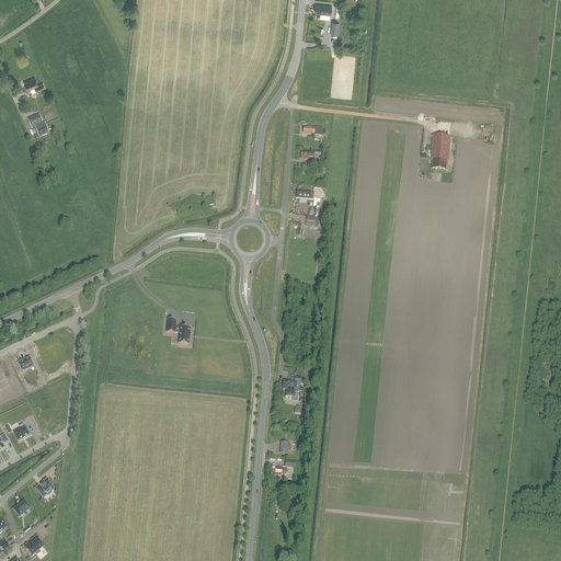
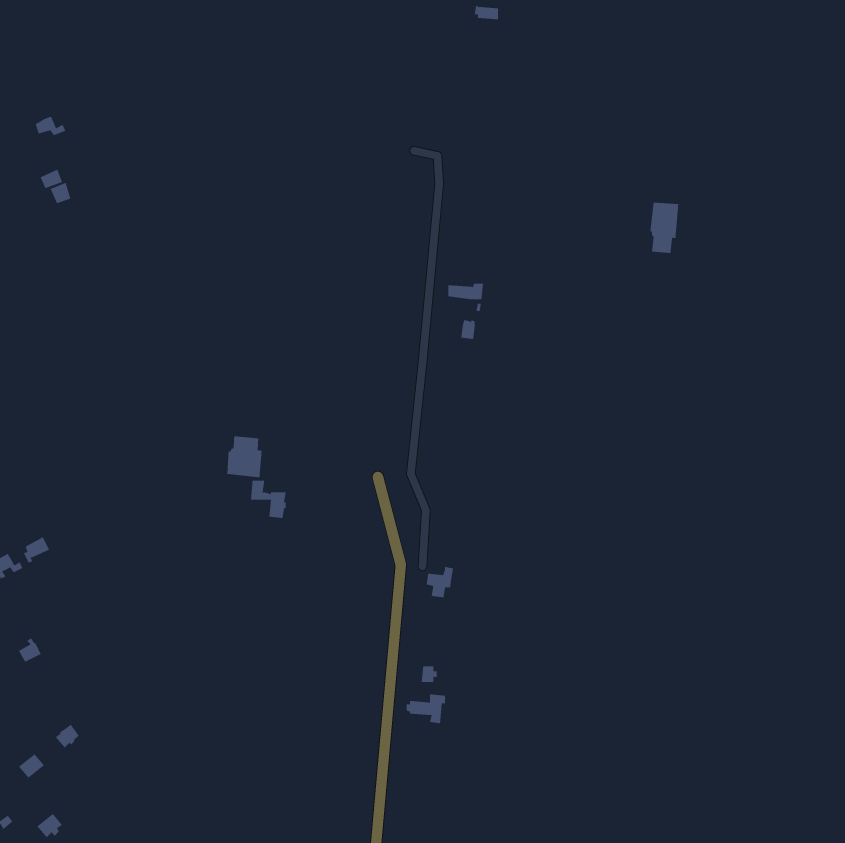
building: none -> [227,435,262,478]

